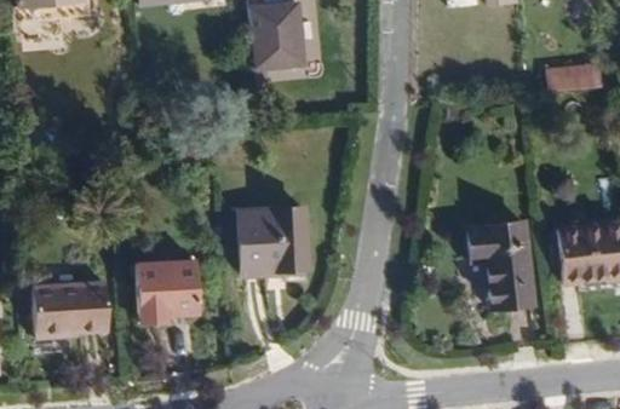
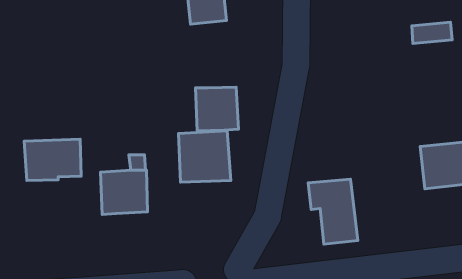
building: none -> [196,87,238,131]
building: [469,224,534,310] -> [308,179,358,244]
building: [31,283,107,338] -> [24,139,81,181]

